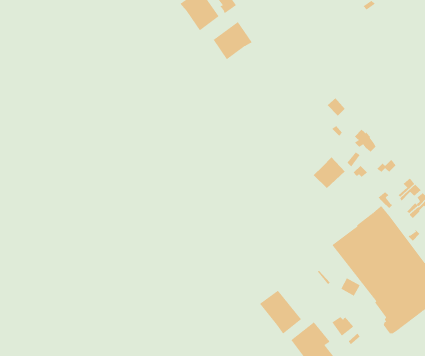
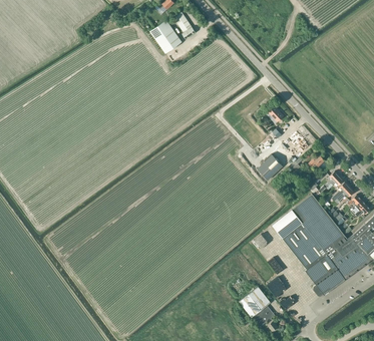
building: [213,21,253,60] -> none
building: [259,290,302,335] -> none

